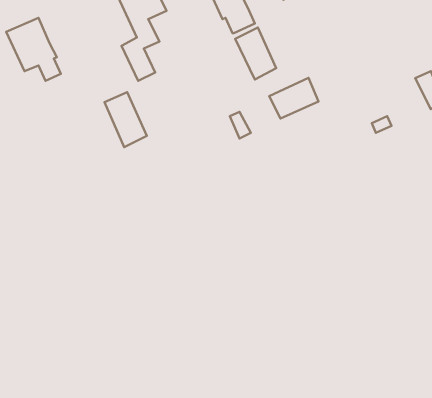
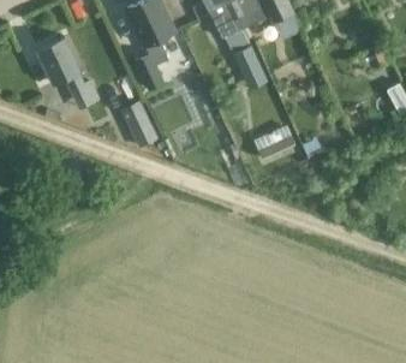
building: [269,78,318,118] -> [253,125,295,160]

